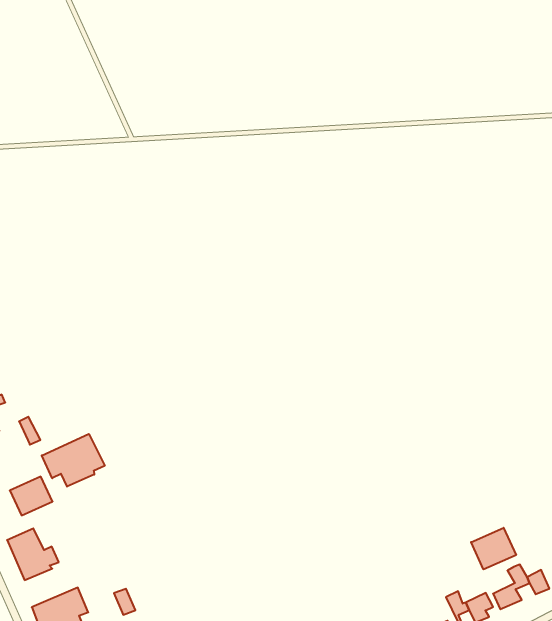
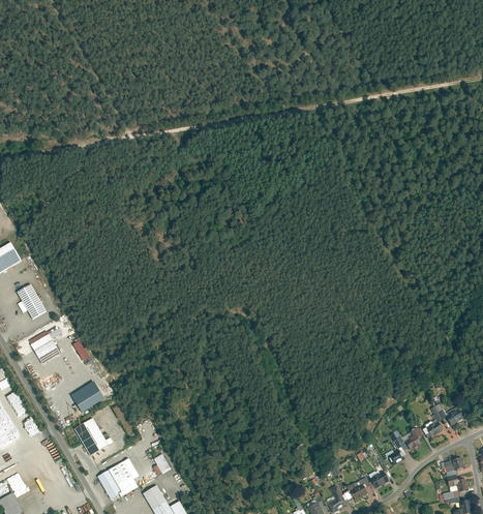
building: [42,434,105,487] -> none
building: [471,528,516,569] -> none

